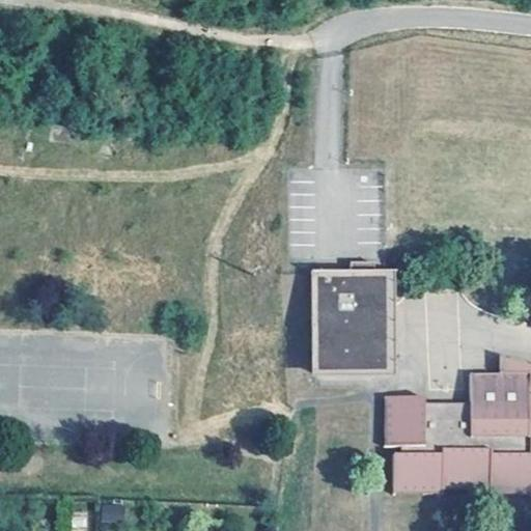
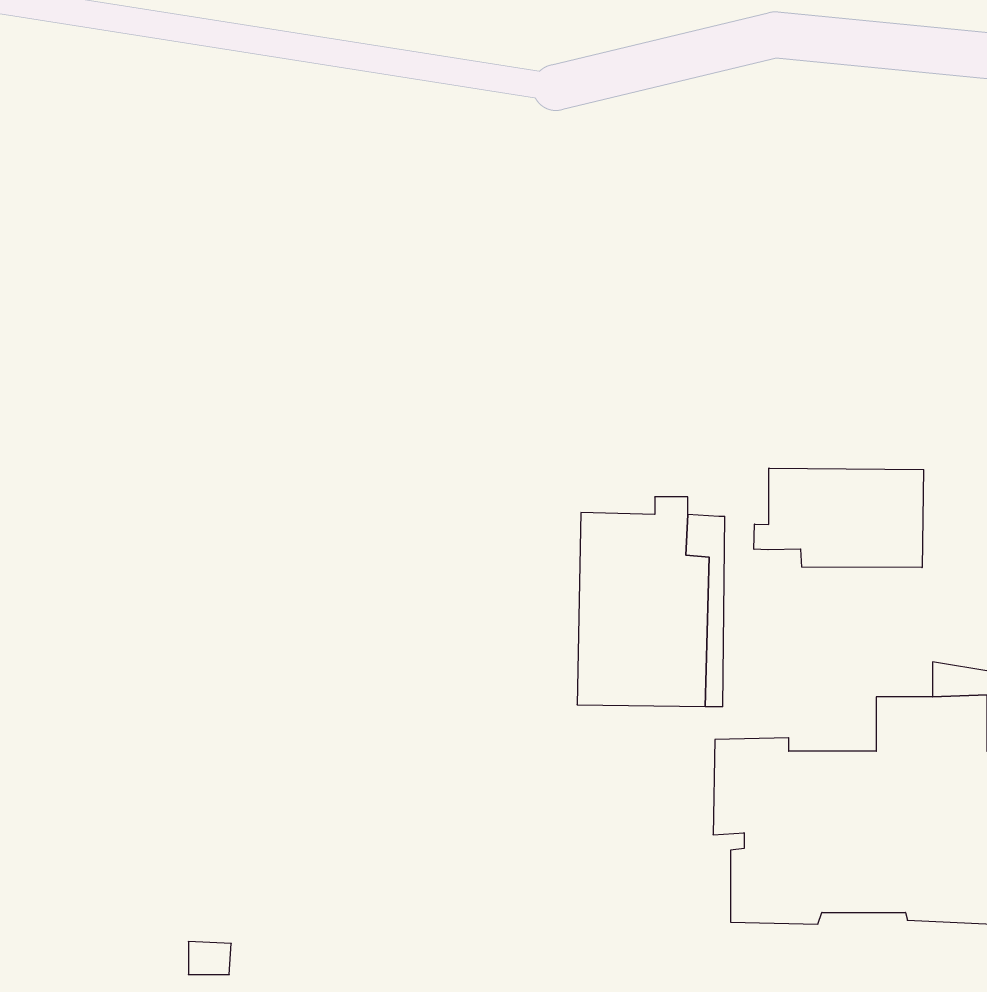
building: none -> [754,468,924,568]

